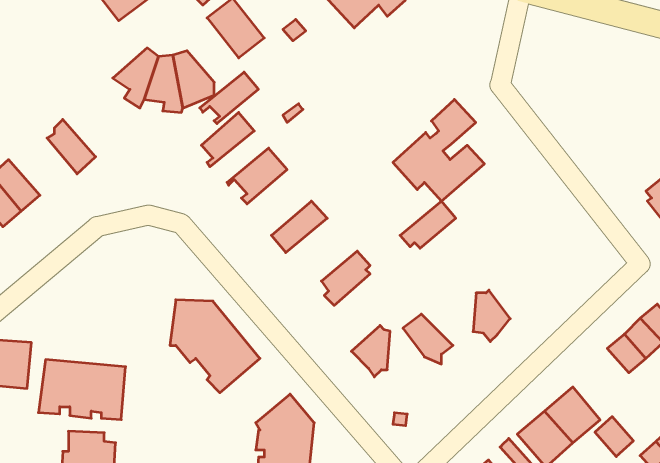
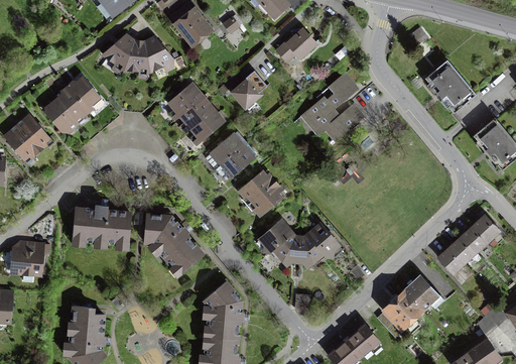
building: none -> [271,26,317,64]
building: [200,72,258,124] -> [170,94,212,130]
building: none -> [428,62,477,112]
building: none -> [67,76,103,112]
building: none -> [231,77,263,110]
building: none -> [43,99,77,134]
building: none -> [204,131,242,167]
building: [400,201,456,248] -> [235,166,274,200]
building: [473,290,510,342] -> [295,233,321,269]
building: none -> [257,219,290,252]
building: [38,360,126,420] -> [71,208,132,250]
building: [595,417,633,457] -> [438,247,466,275]

